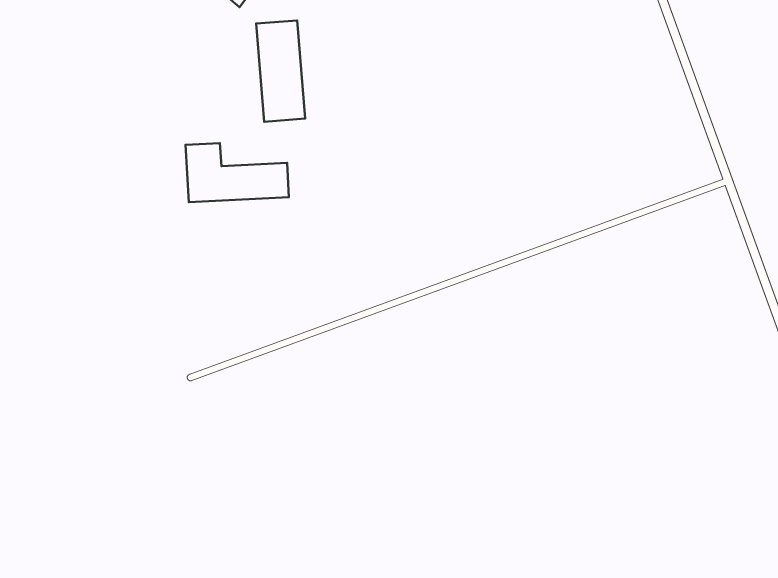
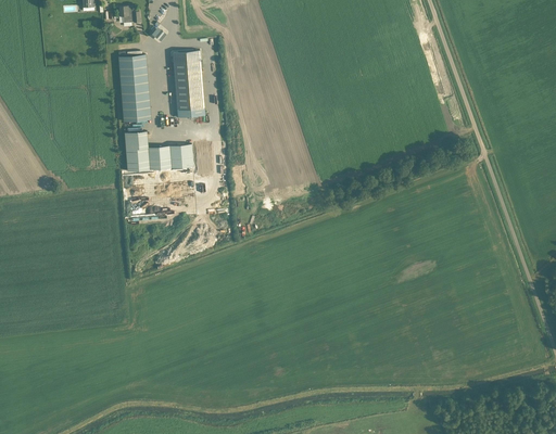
building: none -> [117,53,150,120]

